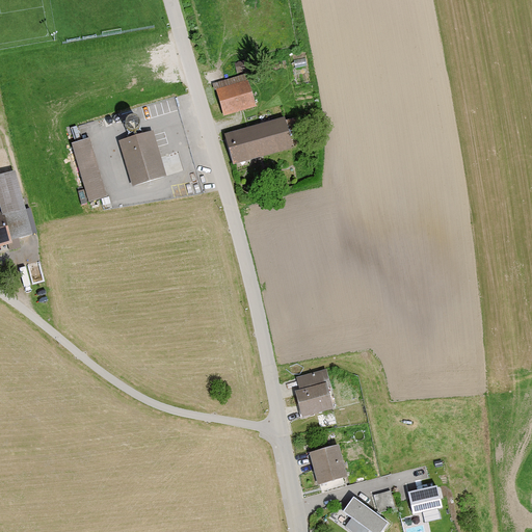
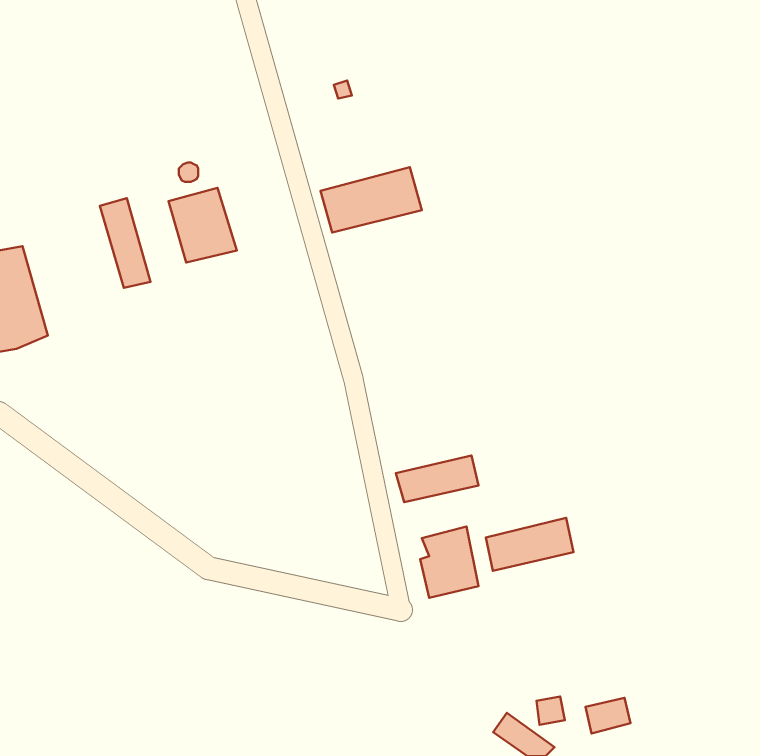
building: [209,73,257,114] -> none
building: none -> [396,456,479,502]
building: none -> [486,518,574,571]
building: [308,443,347,484] -> none

